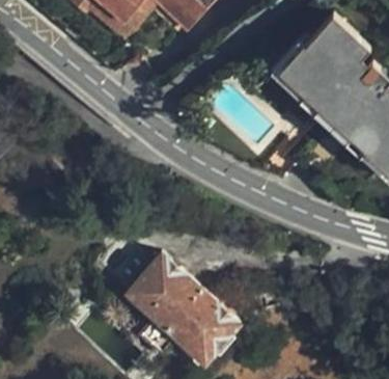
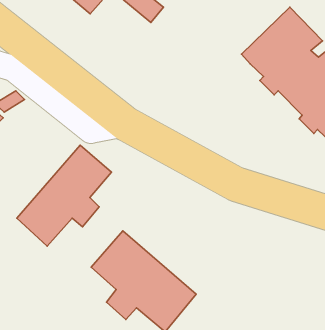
building: none -> [17,145,111,246]

